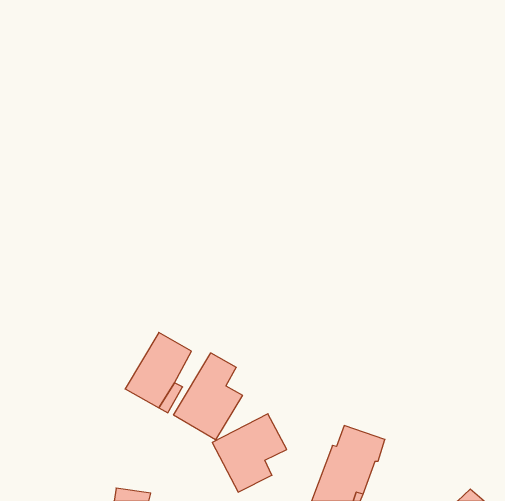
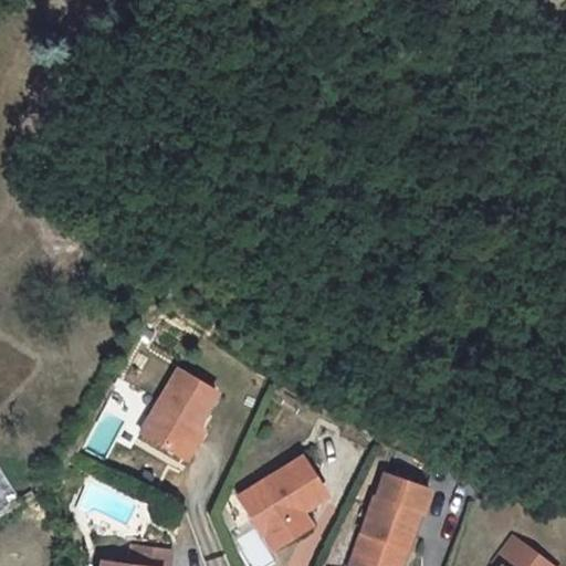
building: [174,353,242,440] -> none

